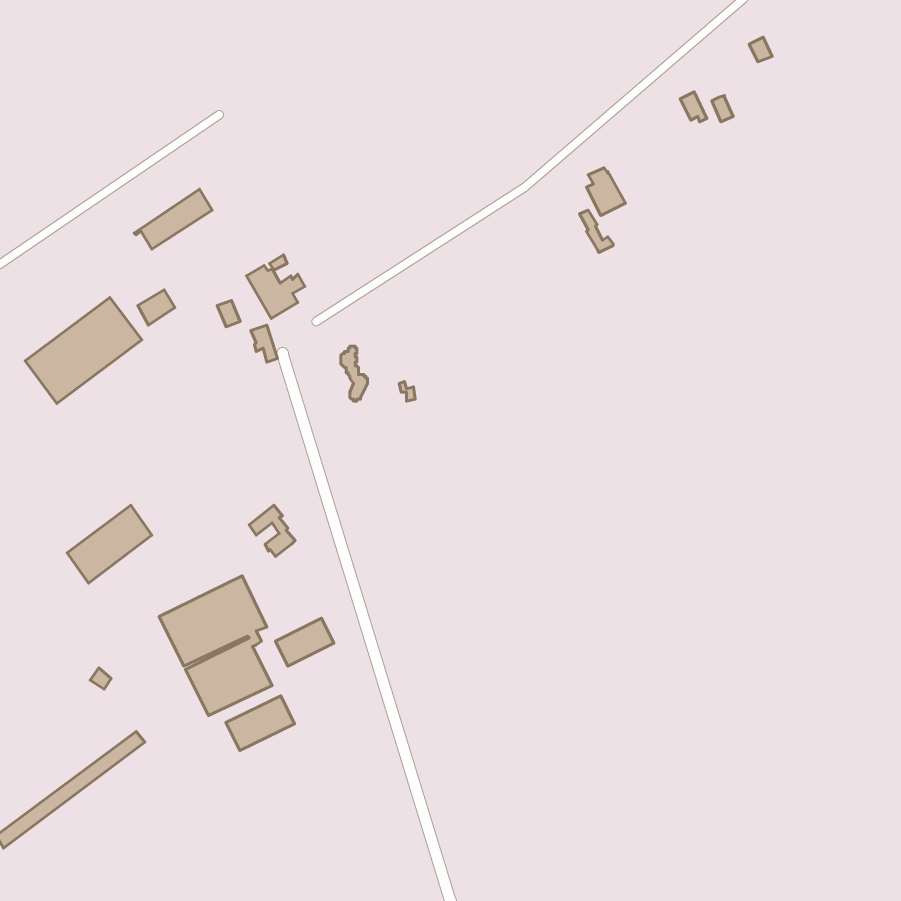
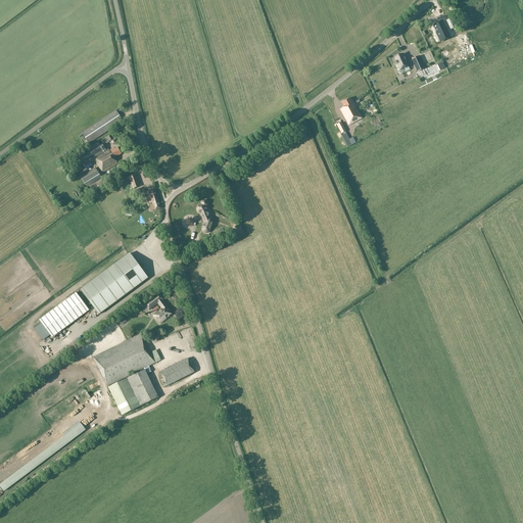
building: [247,255,305,318] -> [87,135,121,172]
building: [25,297,142,403] -> [80,252,147,314]
building: [226,696,295,751] -> none

